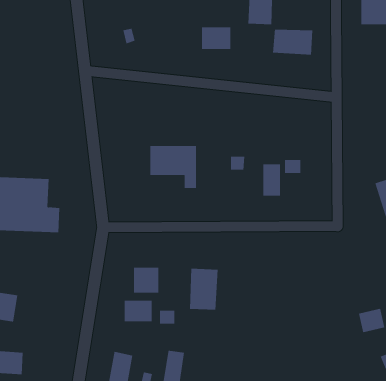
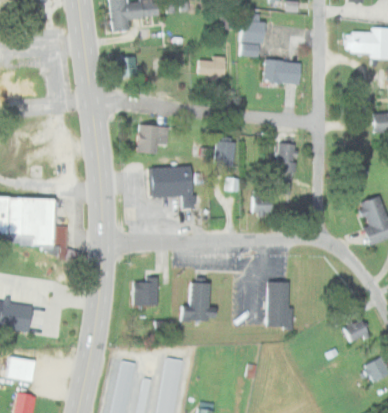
building: none -> [138,125,168,152]
building: none -> [215,141,235,166]
building: none -> [275,142,299,173]
building: none -> [268,283,291,327]
building: [124,300,152,322] -> none

